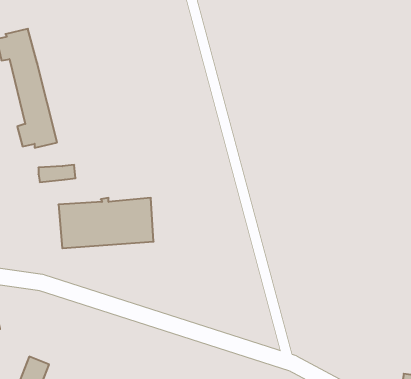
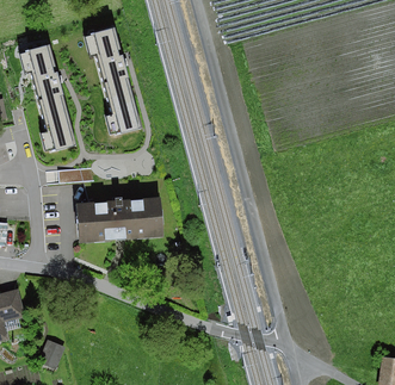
building: none -> [86,26,138,132]

